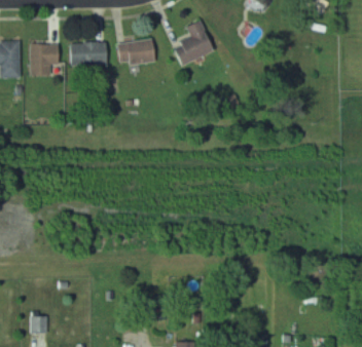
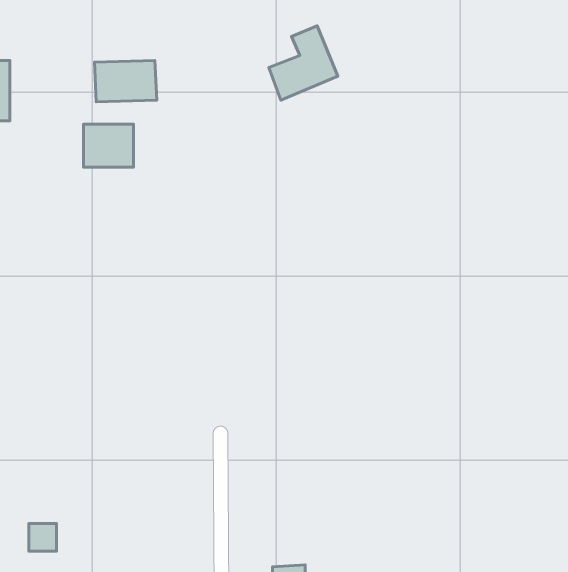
building: [130,36,158,67] -> none
building: [29,44,59,70] -> [84,124,134,167]

